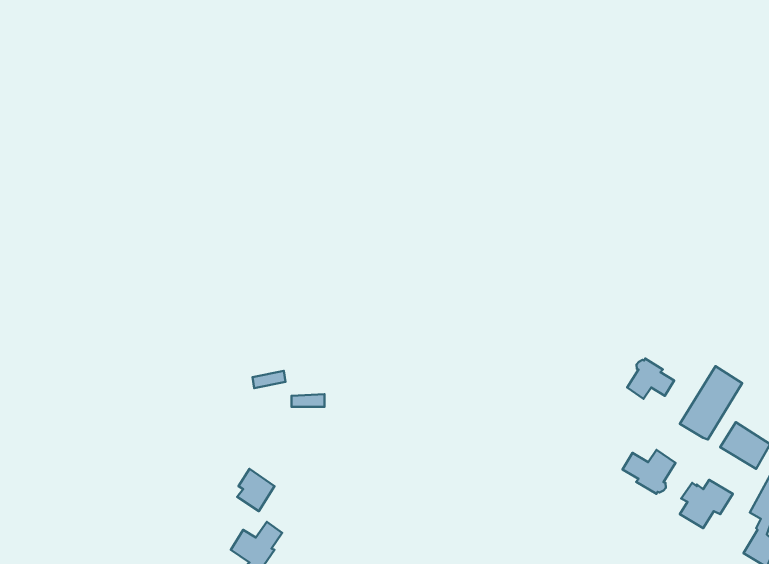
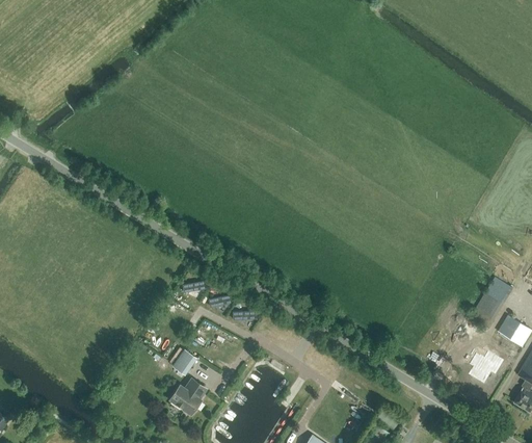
building: [627,359,674,399] -> none
building: [623,450,676,494] -> none

